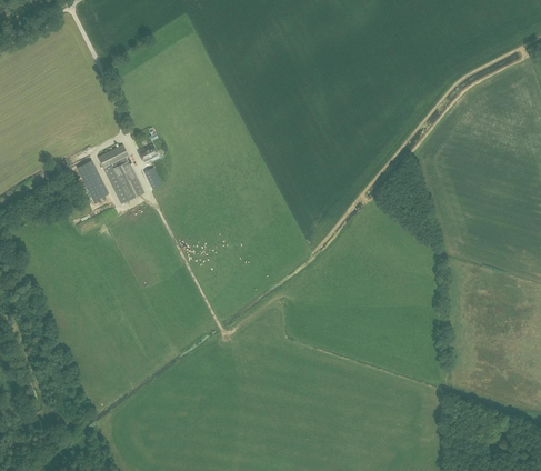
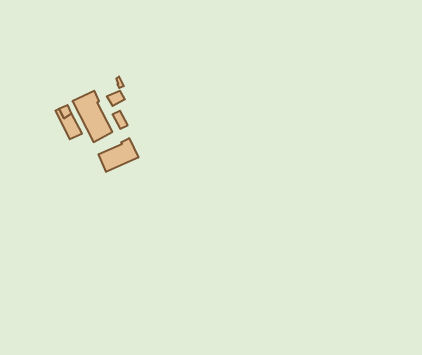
building: none -> [99,138,138,172]

